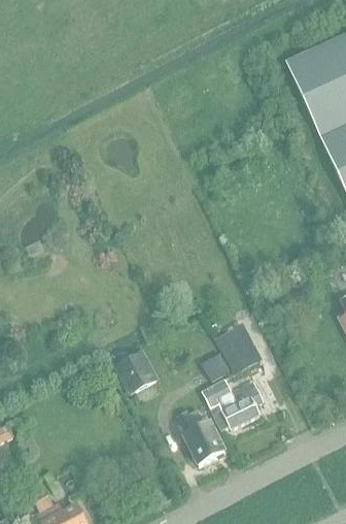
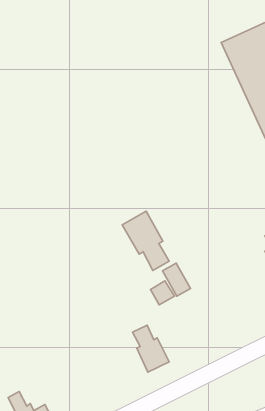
building: none -> [122,211,169,271]
building: [115,351,154,390] -> none
building: [201,375,263,427] -> none

